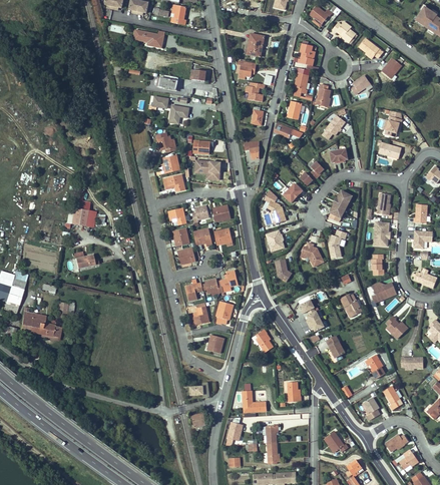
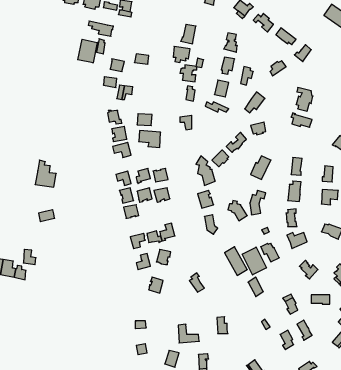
building: none -> [78,39,97,63]
building: none -> [242,247,266,275]

